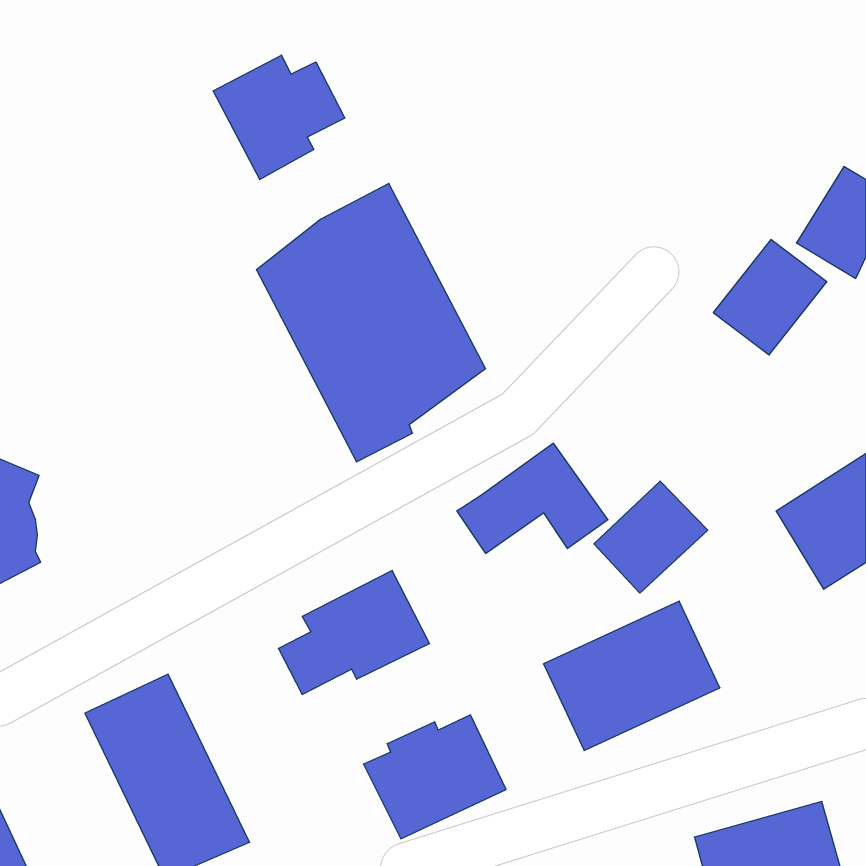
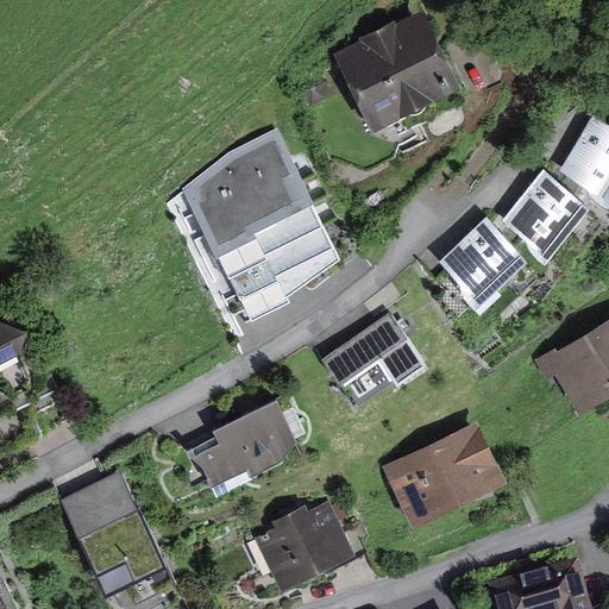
building: none -> [333,11,459,131]
building: [213,55,345,180] -> none
building: [594,481,708,593] -> [438,219,517,297]

